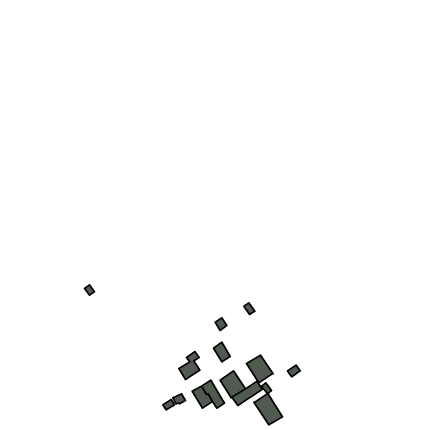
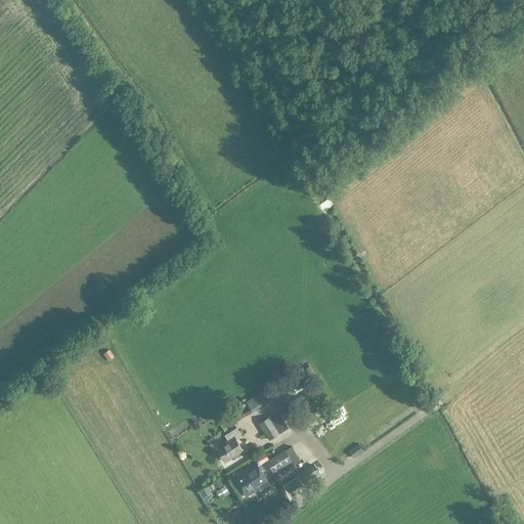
building: [247,355,273,383] -> none
building: [254,393,282,425] -> none

